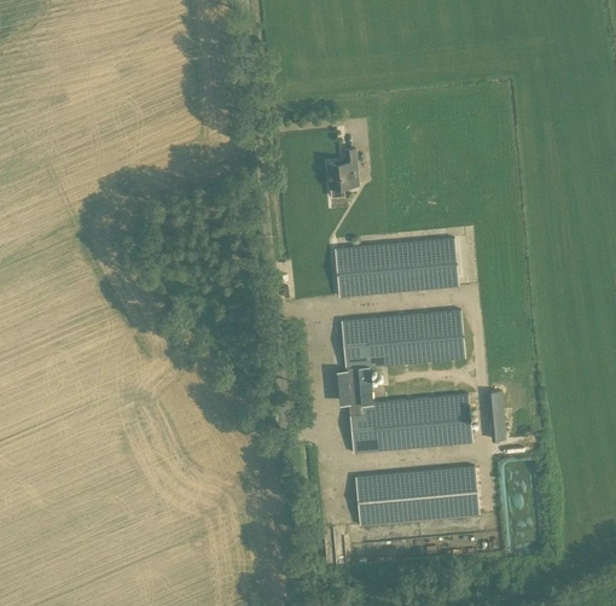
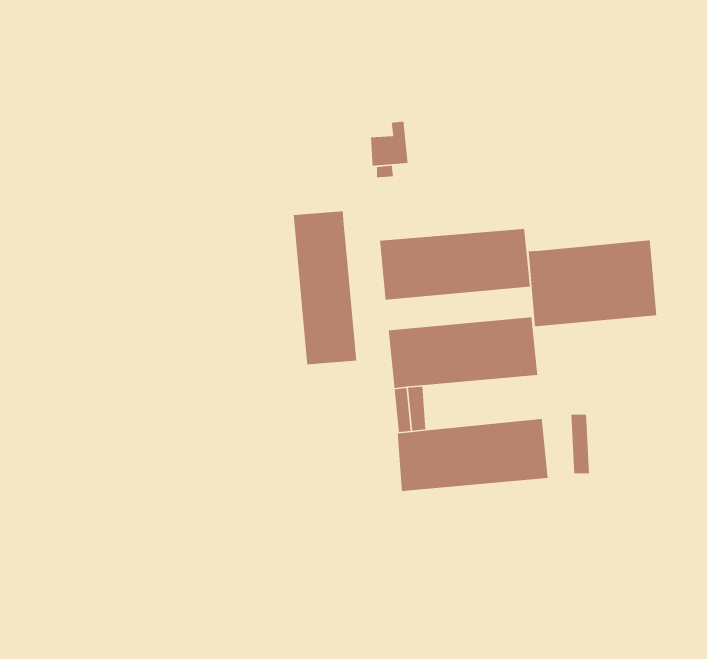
building: none -> [293,210,357,365]
building: none -> [528,240,657,327]
building: [355,466,478,526] -> none

